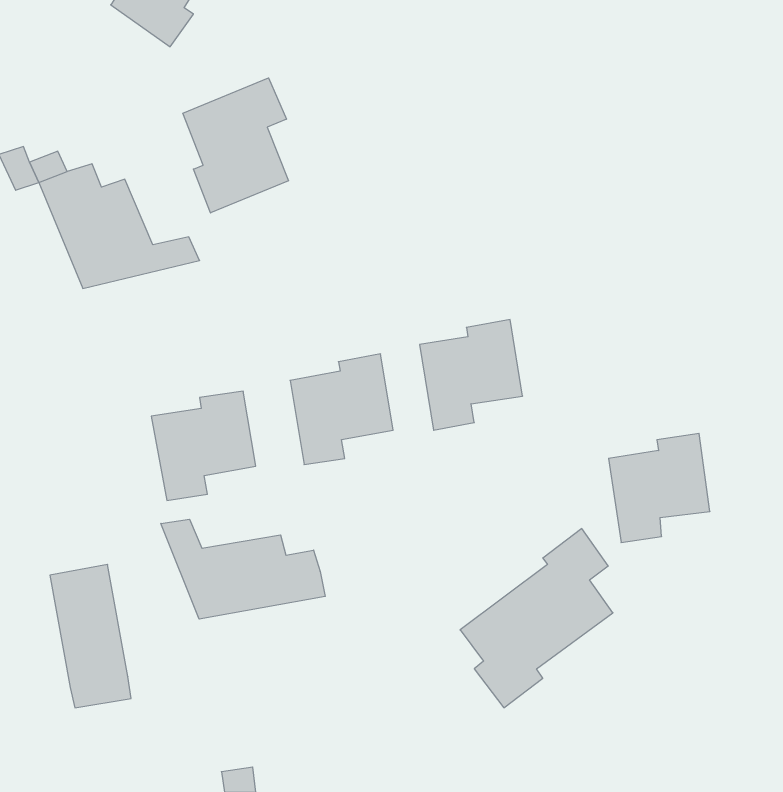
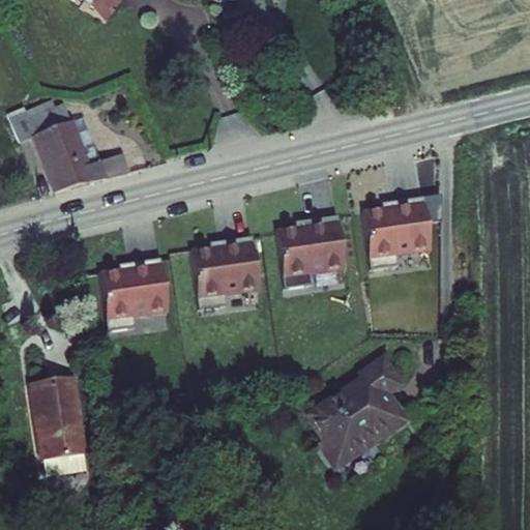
building: [183,78,288,213] -> none
building: [609,433,710,543] -> [364,190,432,263]
building: [161,519,325,619] -> none

